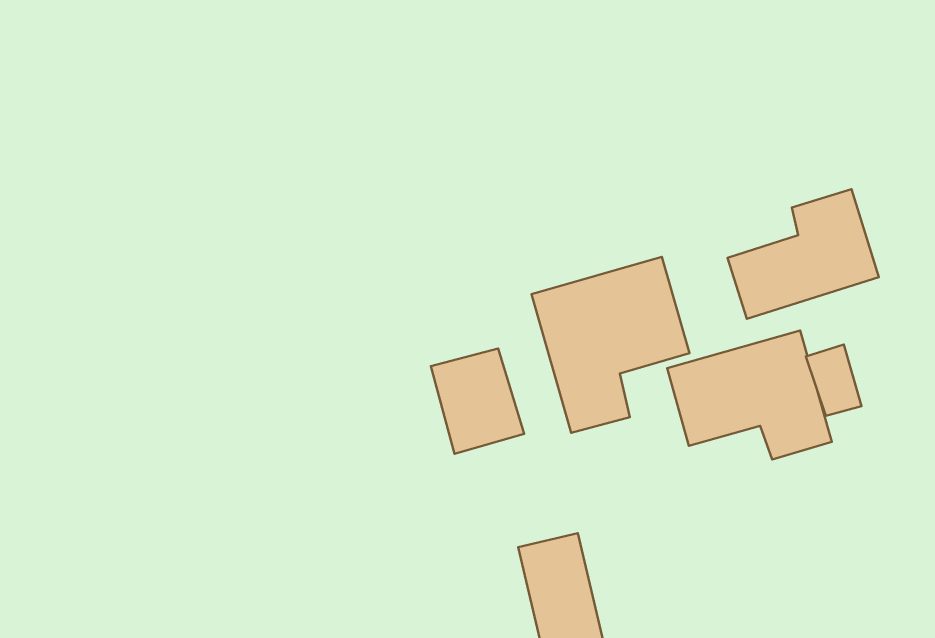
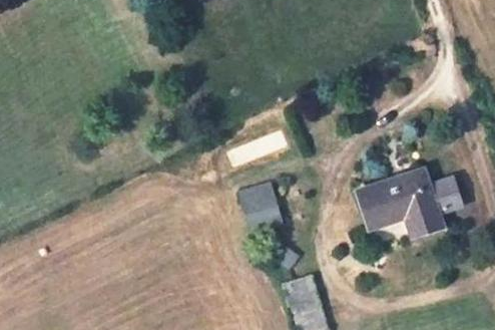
building: [727,189,879,319] -> none
building: [532,257,690,433] -> none

